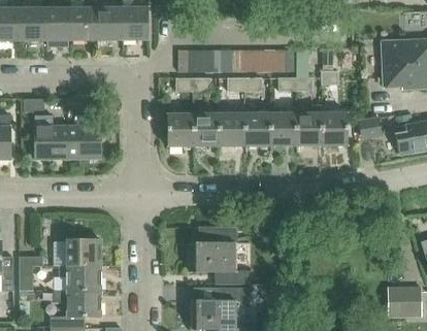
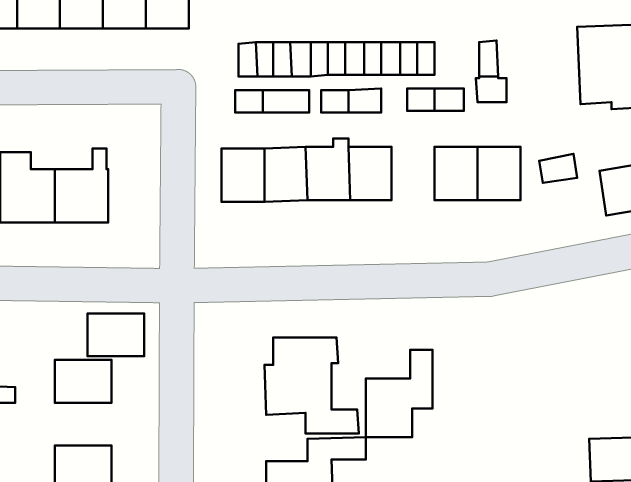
building: [269,112,295,144] -> none
building: none -> [366,350,433,437]
building: [67,266,101,292] -> [88,313,144,356]

